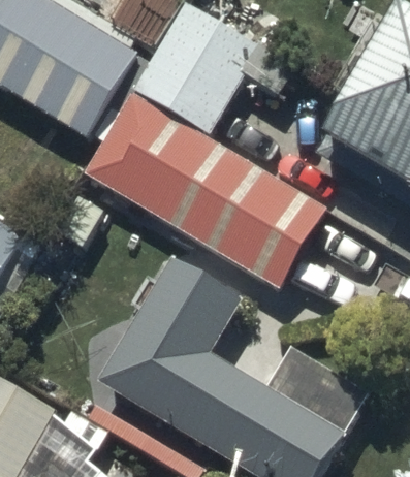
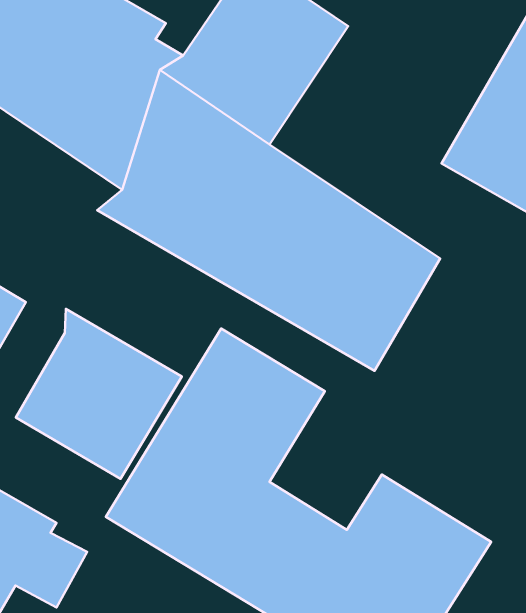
building: none -> [16,309,182,479]

